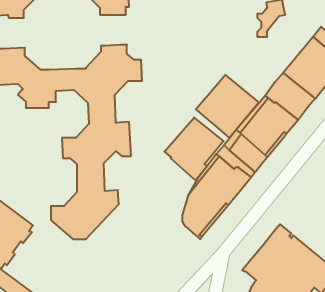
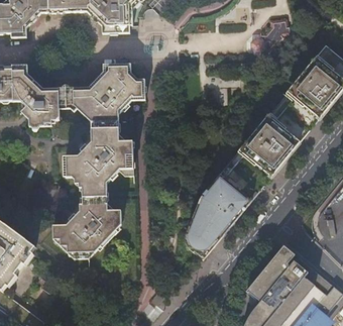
building: [196,75,259,138] -> none
building: [164,117,224,180] -> none

